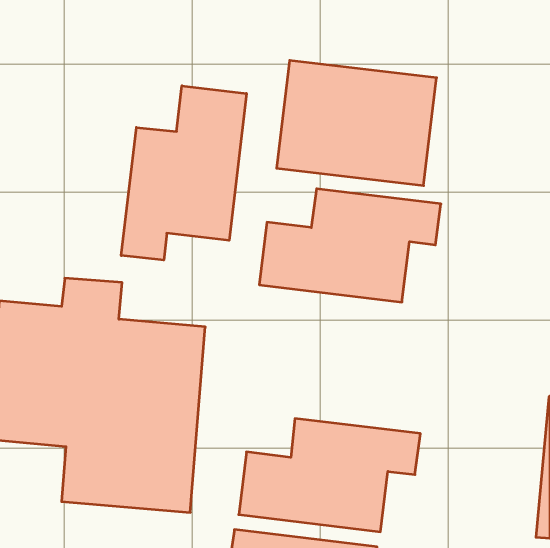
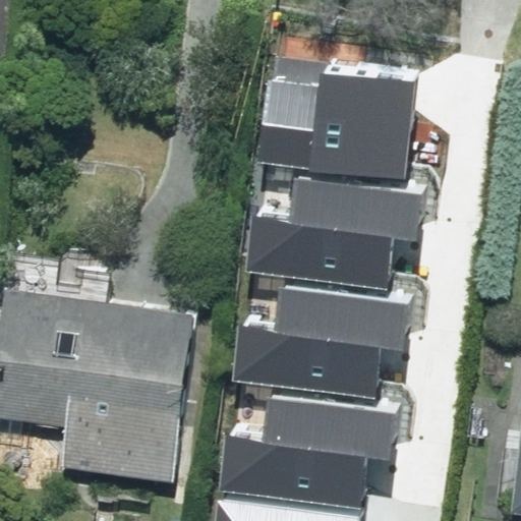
building: [121,86,246,260] -> none
building: none -> [233,294,404,401]

